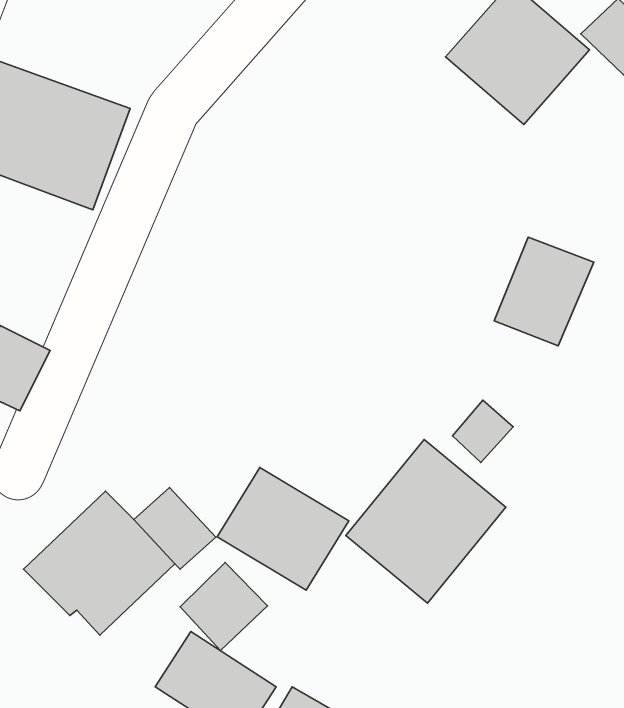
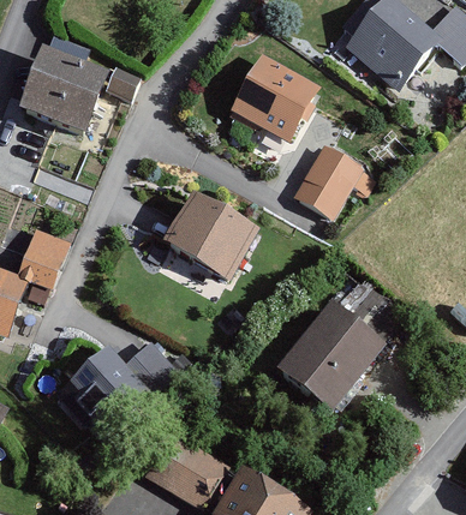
building: none -> [229,56,324,145]
building: [494,237,594,346] -> [299,138,366,211]
building: [217,467,349,590] -> [166,193,255,276]
building: [180,563,267,650] -> none

